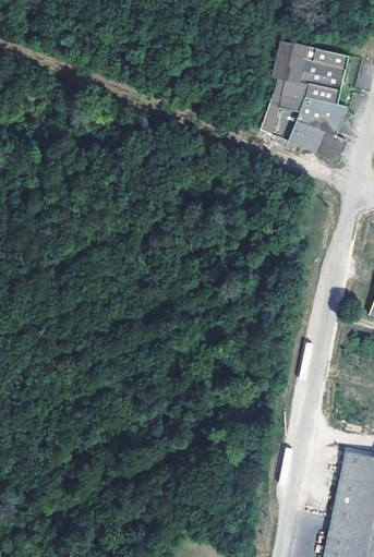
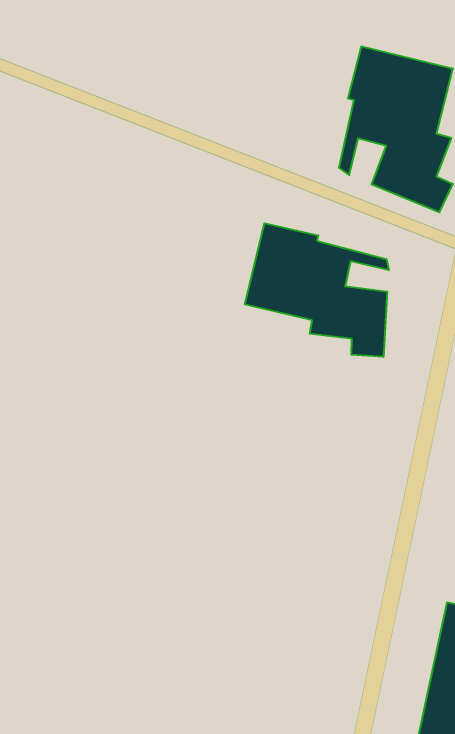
building: none -> [245,223,389,357]

